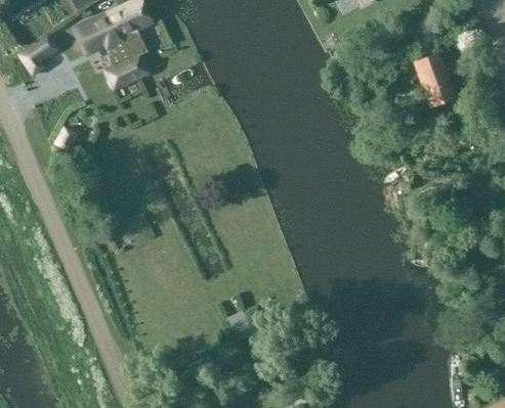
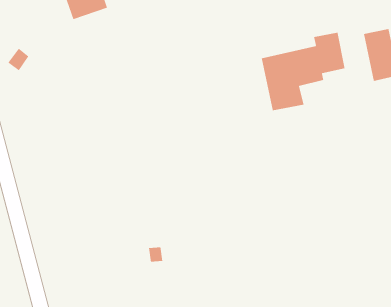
building: none -> [261,32,345,111]

